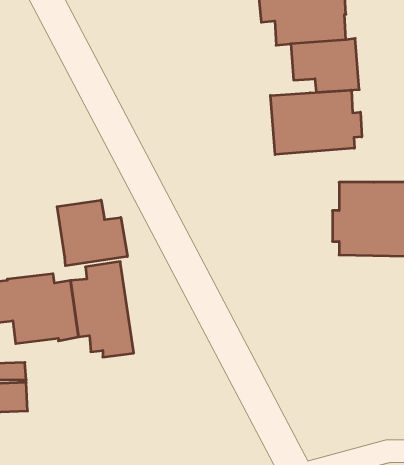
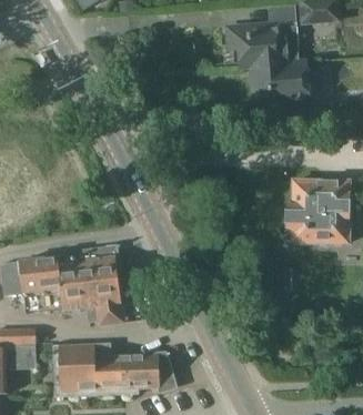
building: [270,90,362,155] -> none
building: [57,200,127,266] -> none
building: none -> [54,342,177,395]

